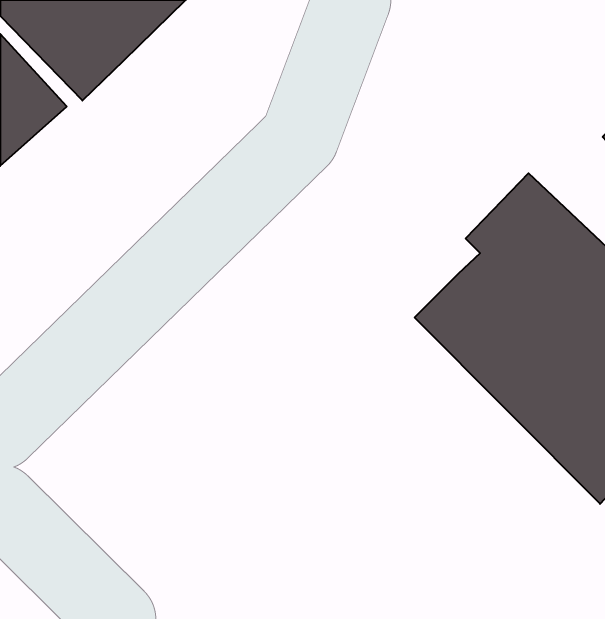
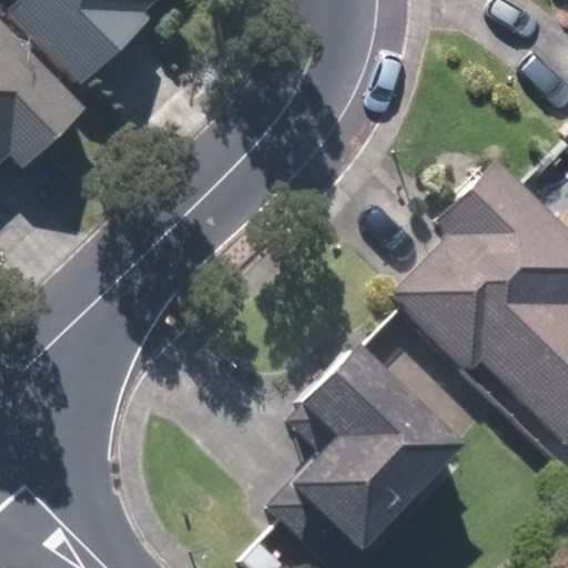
building: none -> [278,343,457,556]

